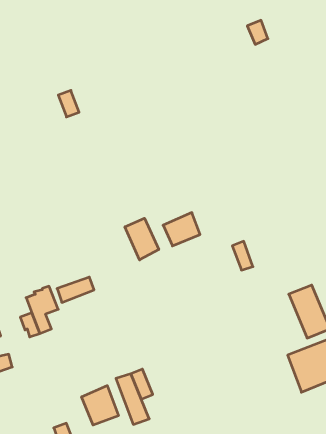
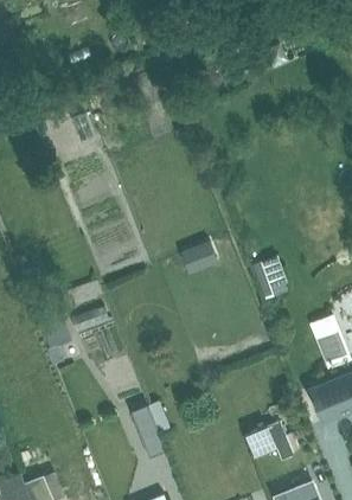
building: [125,218,159,260] -> none
building: [82,386,118,425] -> none
building: none -> [245,421,293,460]

